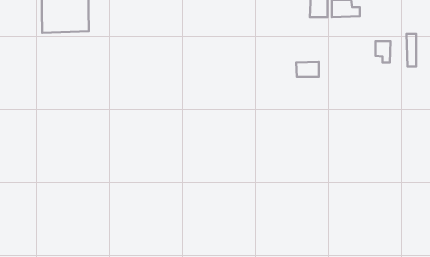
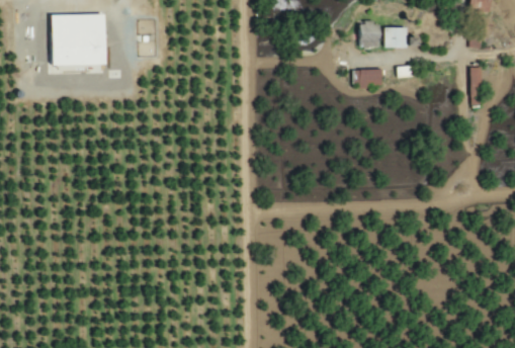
building: [376,41,391,63] -> none
building: [296,62,319,77] -> [356,69,382,86]

